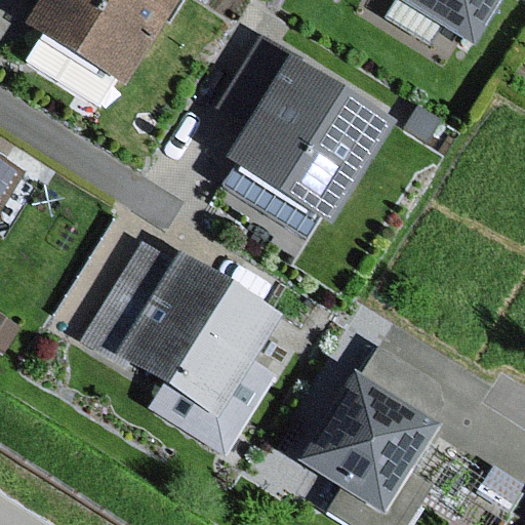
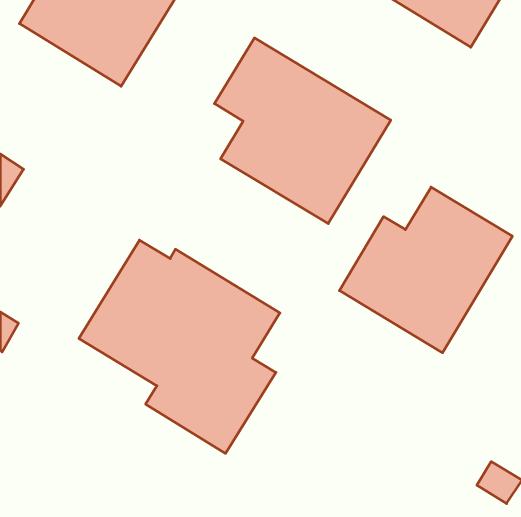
building: none -> [339,187,512,353]
building: [296,344,445,513] -> none

